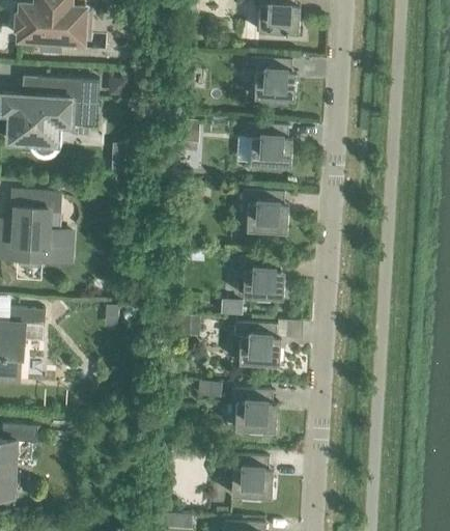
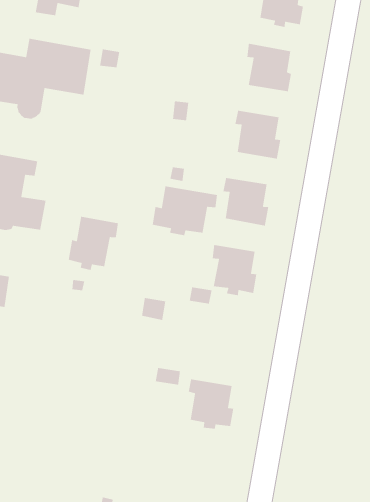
building: none -> [152,186,218,236]
building: none -> [68,216,119,271]
building: [234,323,280,366] -> none
building: [227,455,273,502] -> none

